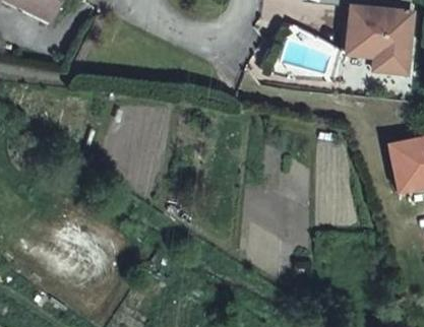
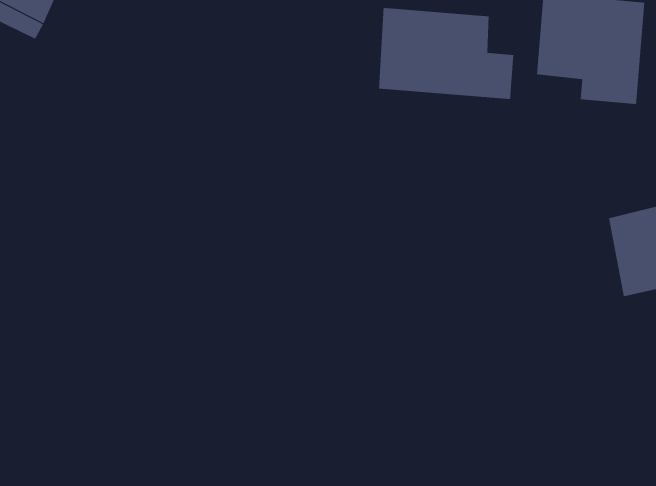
building: none -> [379,7,514,100]

